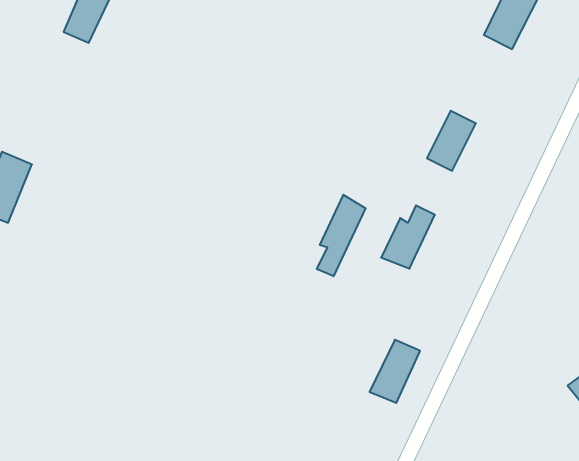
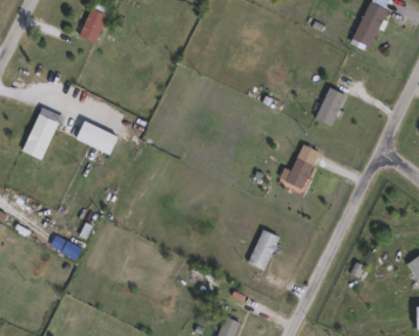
building: none -> [77,120,120,156]
building: [317,195,366,276] -> none
building: [370,340,420,403] -> [247,229,280,270]

